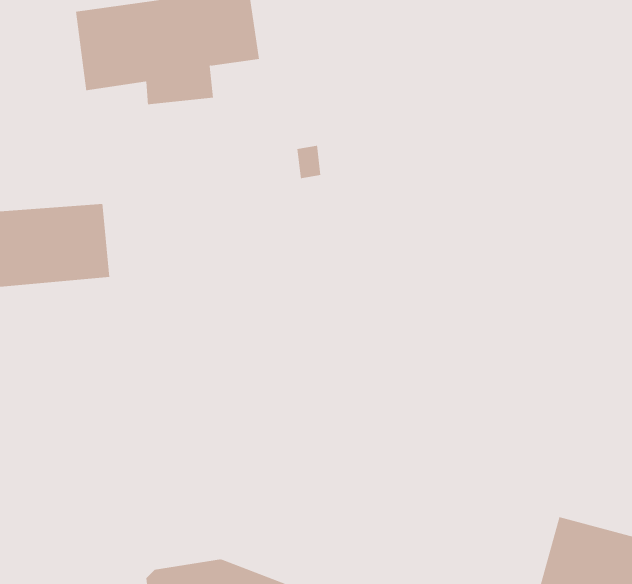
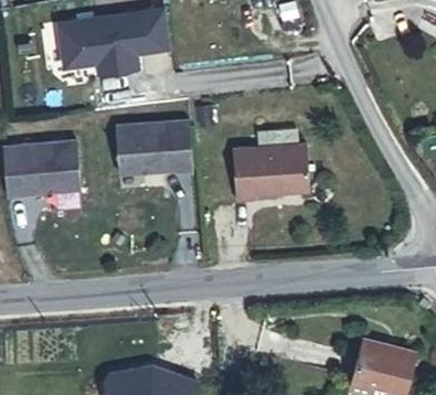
building: none -> [115,121,192,173]
building: none -> [233,143,309,199]

